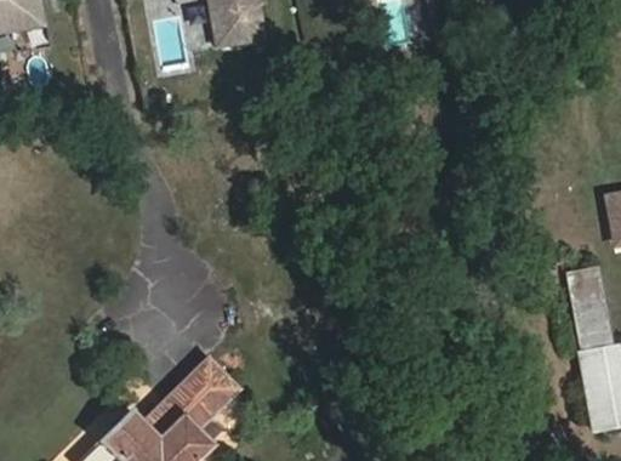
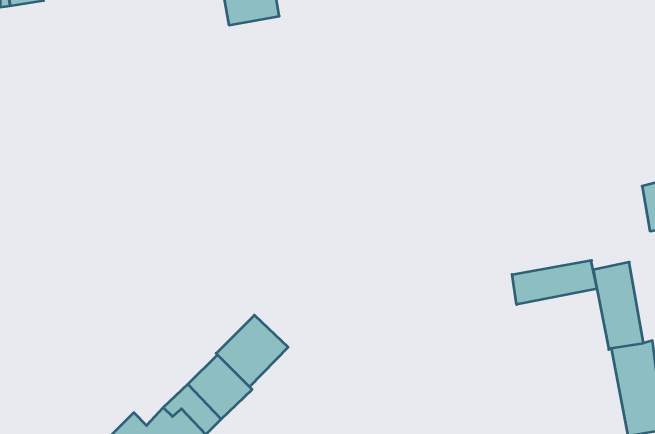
building: none -> [512,260,597,305]
building: none -> [216,315,288,387]

